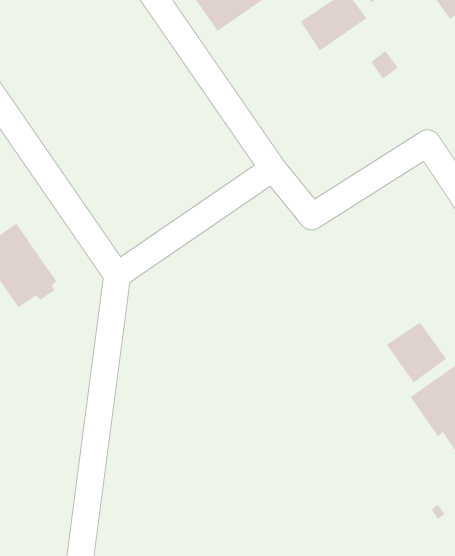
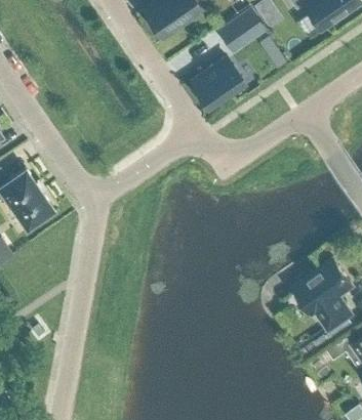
building: none -> [192,58,243,107]
building: [386,322,447,384] -> none

